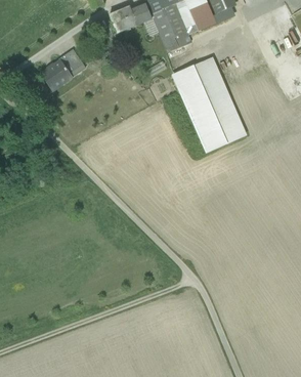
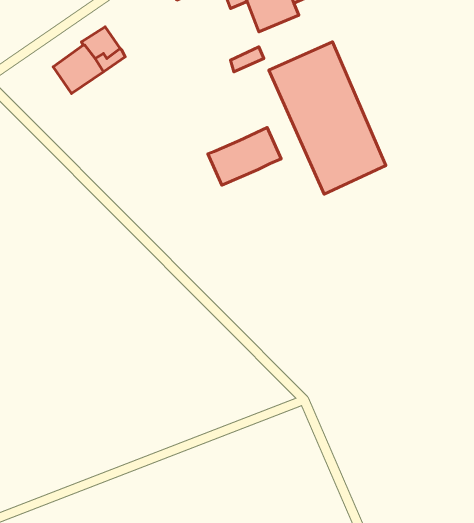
building: none -> [208,127,281,185]

